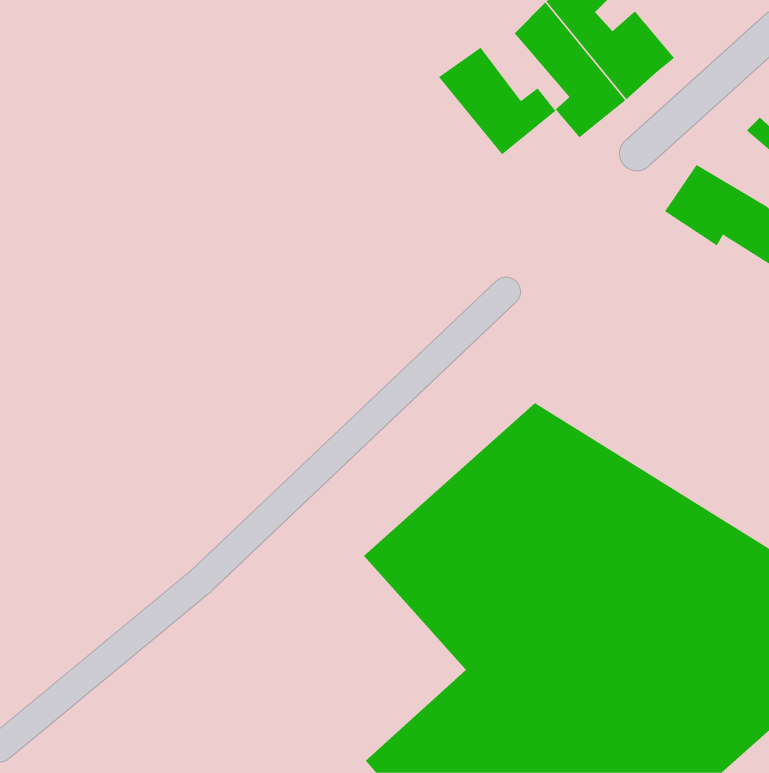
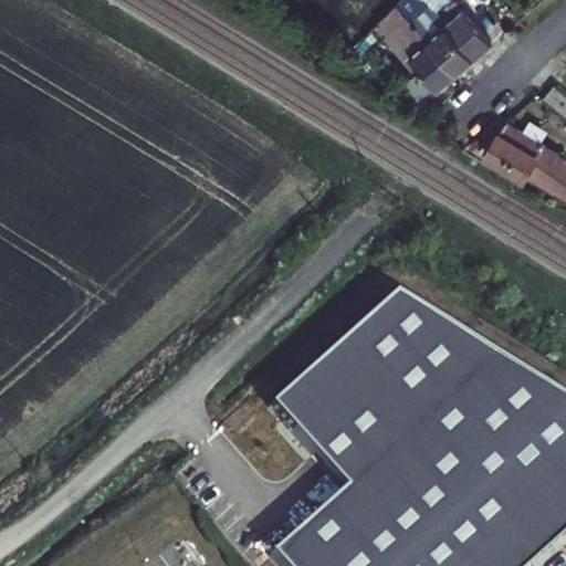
building: [438,47,556,155] -> none

